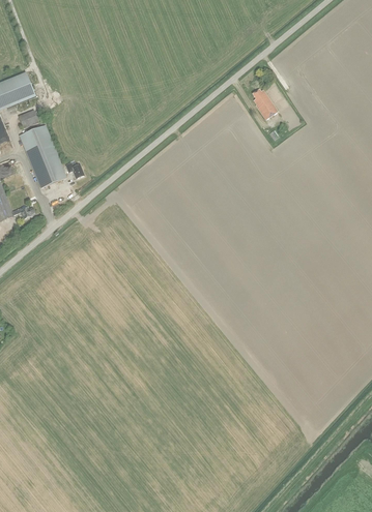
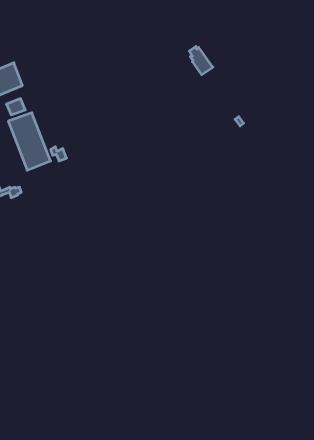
building: [251,87,277,118] -> [189,46,213,75]

